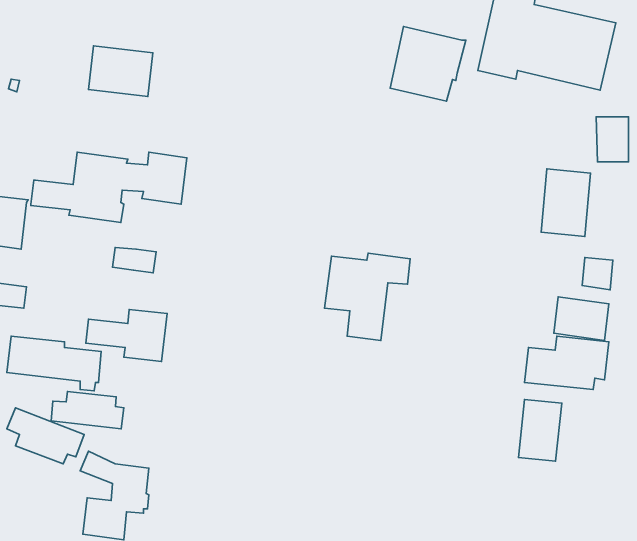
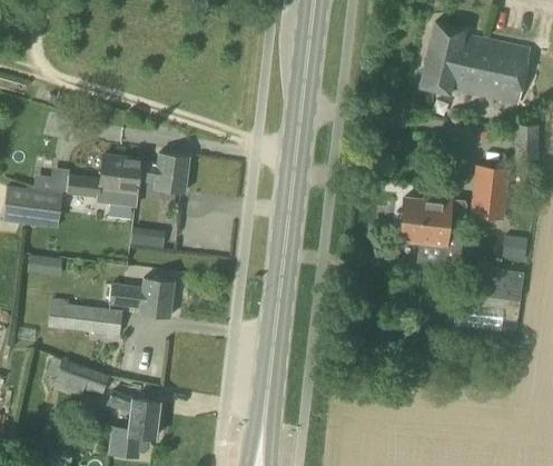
building: [390,27,466,101] -> none
building: [89,46,153,97] -> none
building: [325,253,410,340] -> [398,196,466,265]
building: [51,391,124,429] -> none
building: [518,400,562,461] -> none

